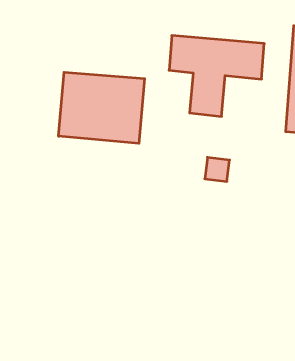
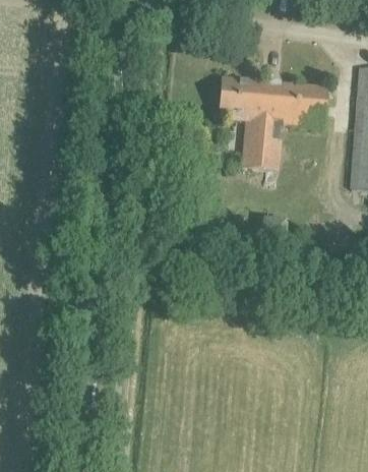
building: [59,72,145,143] -> none

